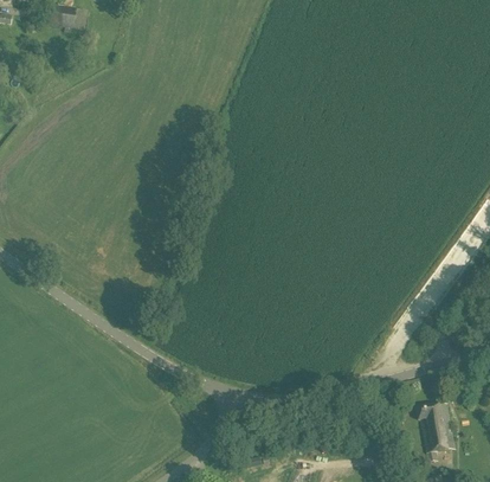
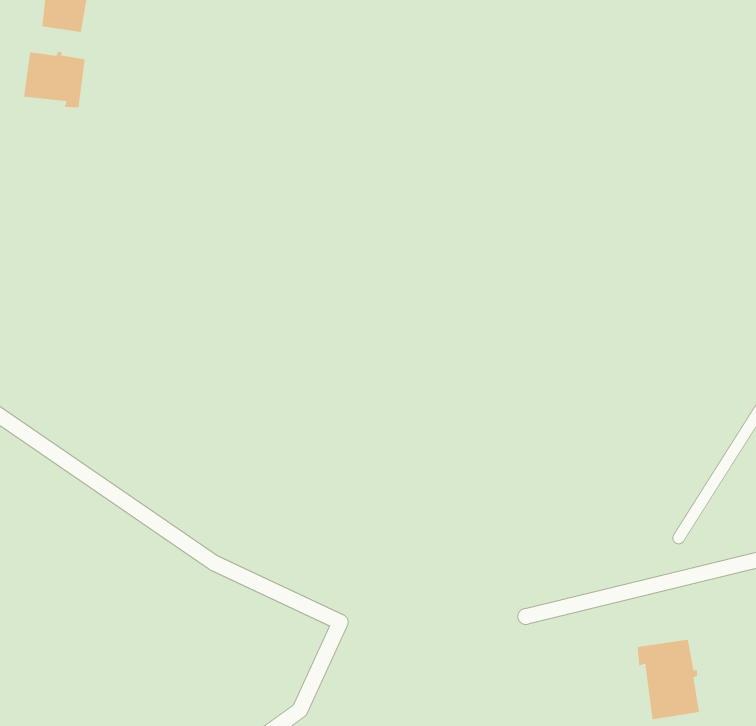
building: none -> [24,51,85,108]

